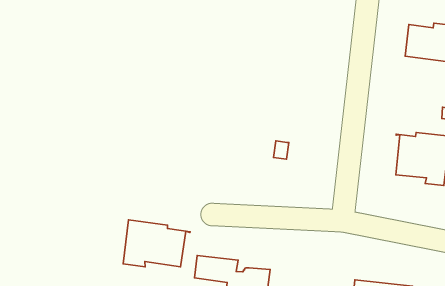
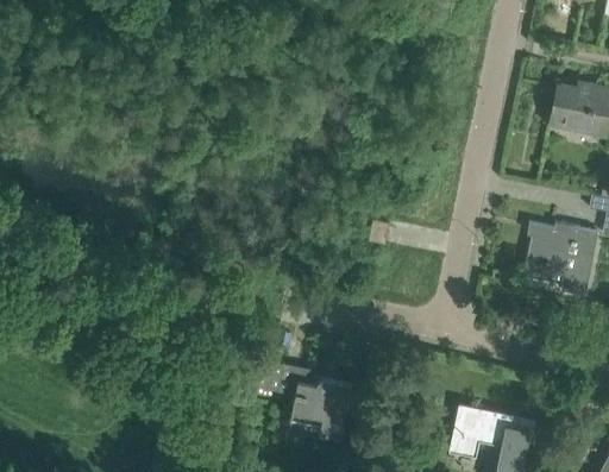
building: [123,220,190,267] -> none

